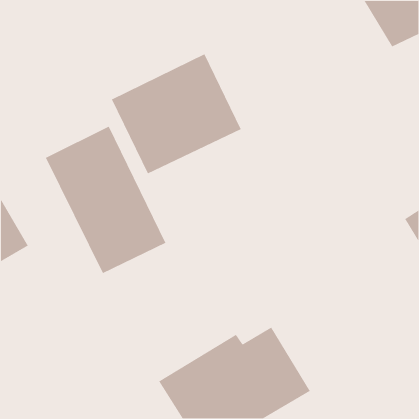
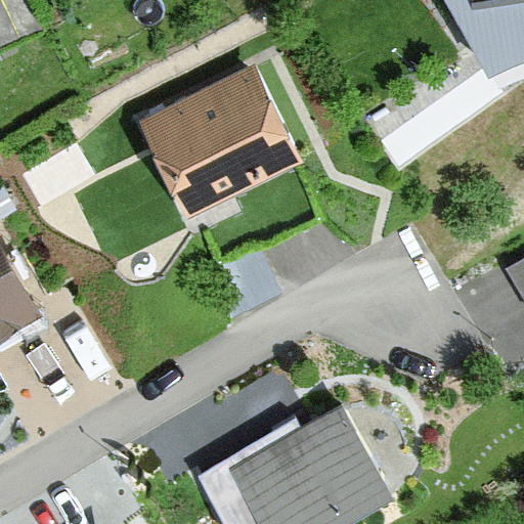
building: [45,126,167,274] -> none

